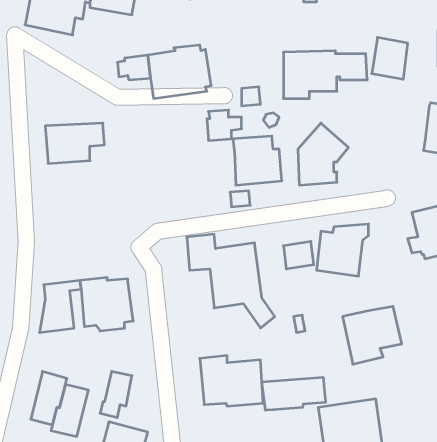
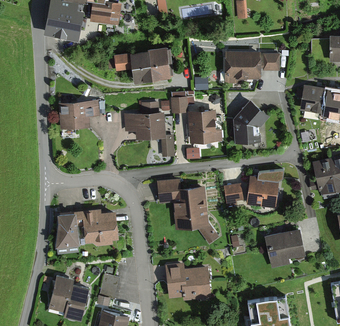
building: [372,37,408,79] -> [300,86,325,115]
building: none -> [125,104,175,158]
building: [262,377,326,410] -> none

